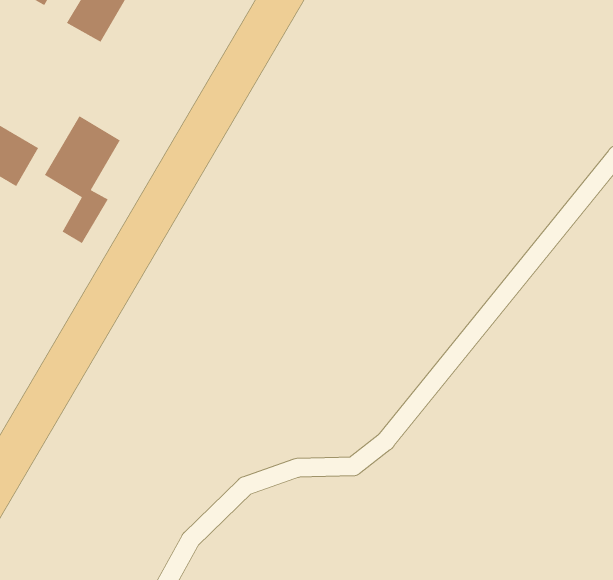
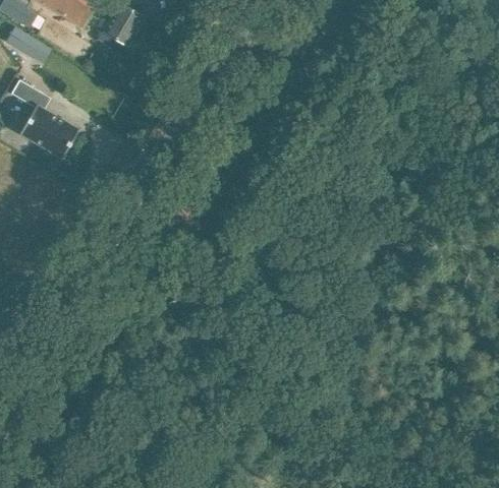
building: [44,115,121,244] -> none

